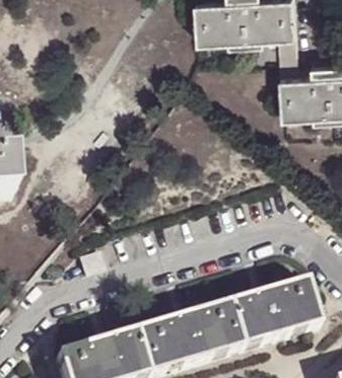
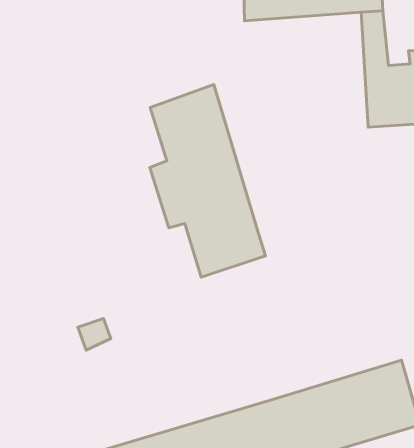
building: none -> [150,85,266,277]

